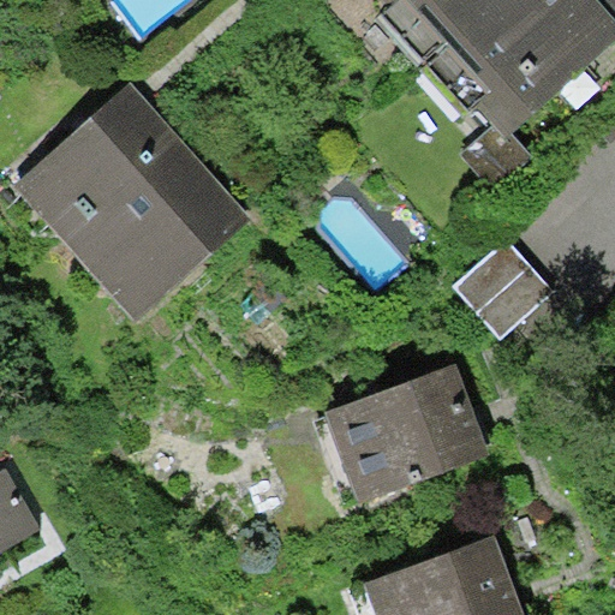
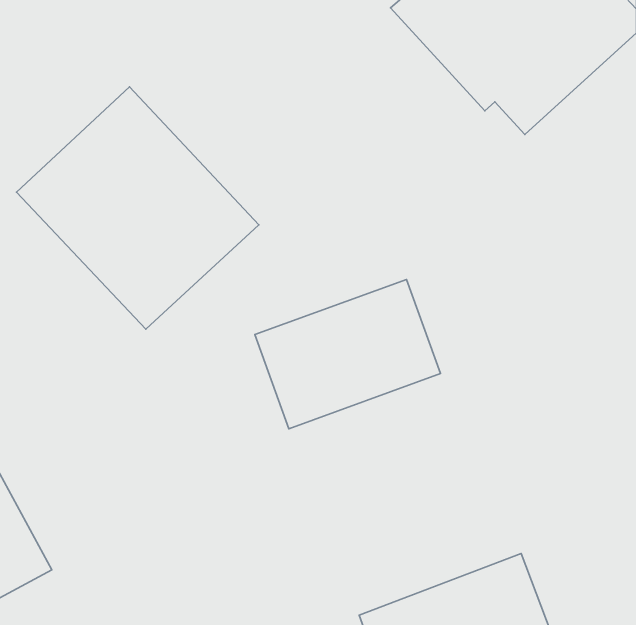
building: [448,237,553,341] -> none
building: [316,365,494,508] -> [255,279,441,429]

